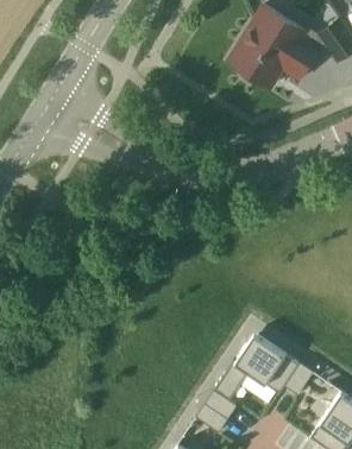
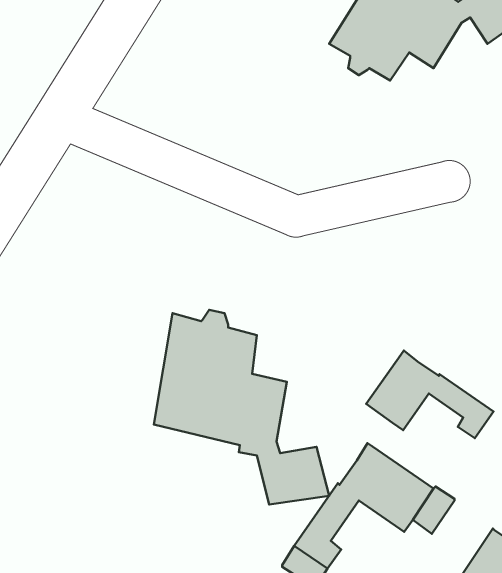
building: none -> [154,310,329,504]
building: none -> [366,351,494,438]

